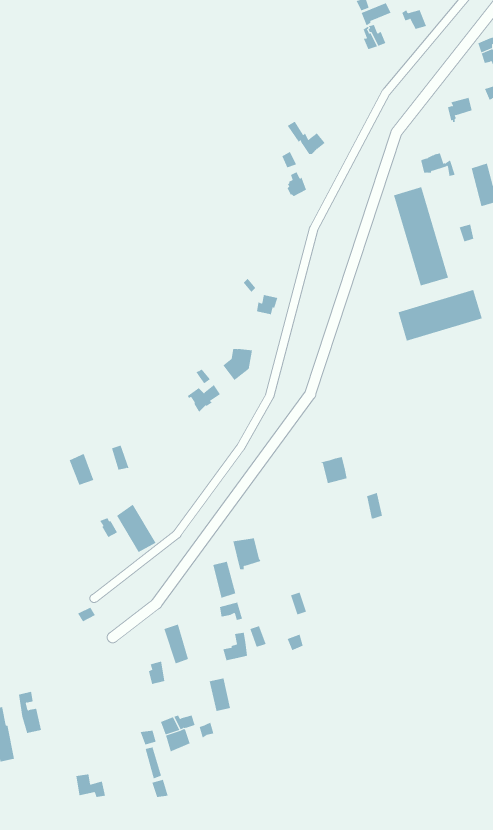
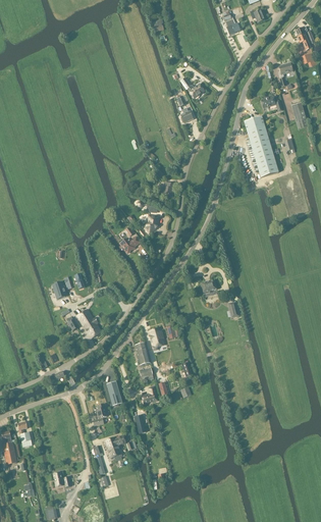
building: [398,289,482,341] -> none

